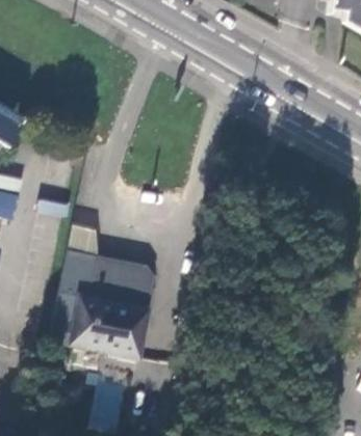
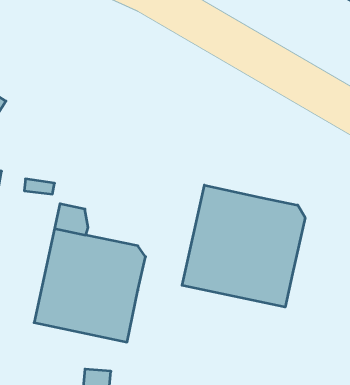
building: none -> [182,185,305,307]

